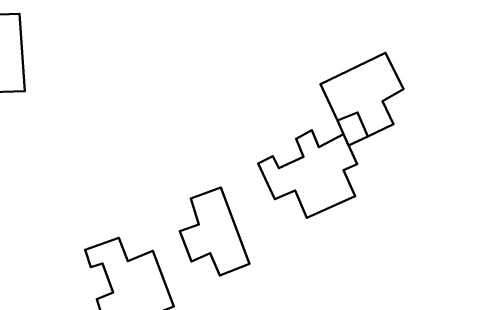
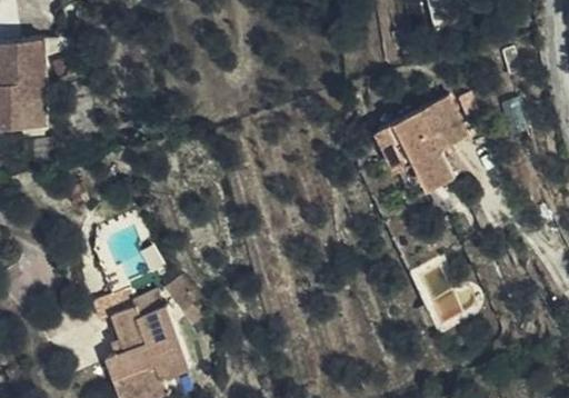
building: [258,130,357,218] -> none
building: [180,188,249,276] -> none

